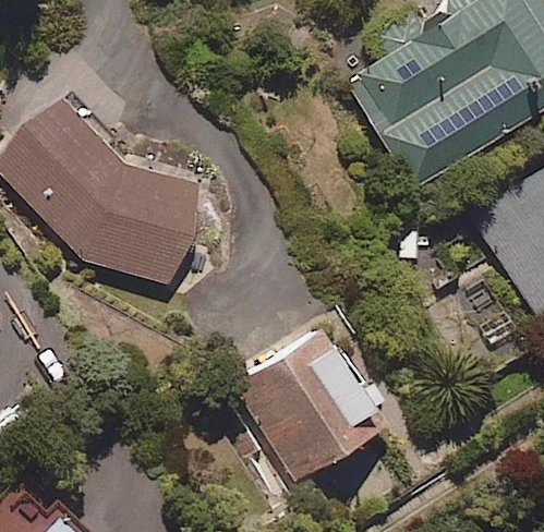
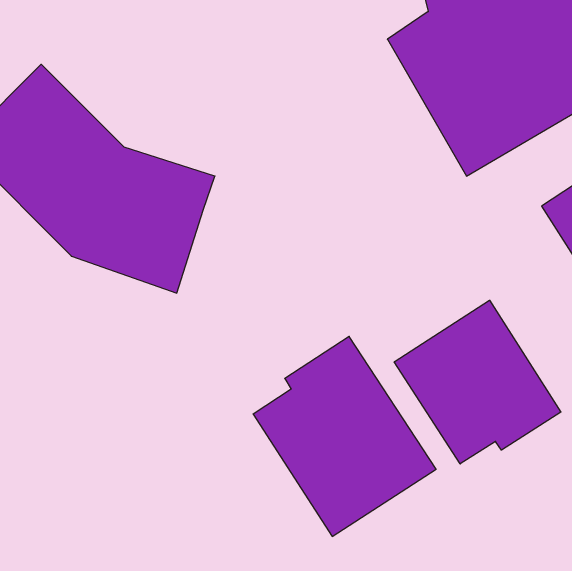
building: none -> [394,300,561,464]

